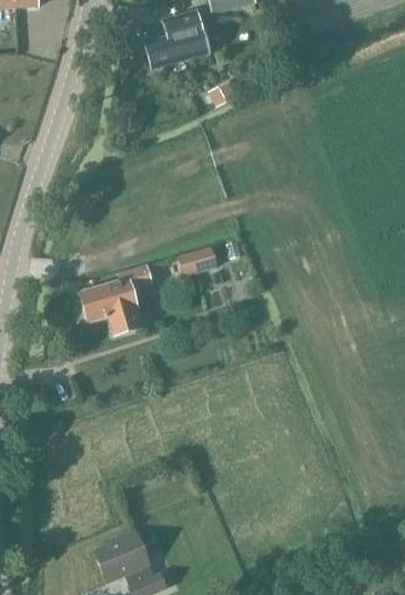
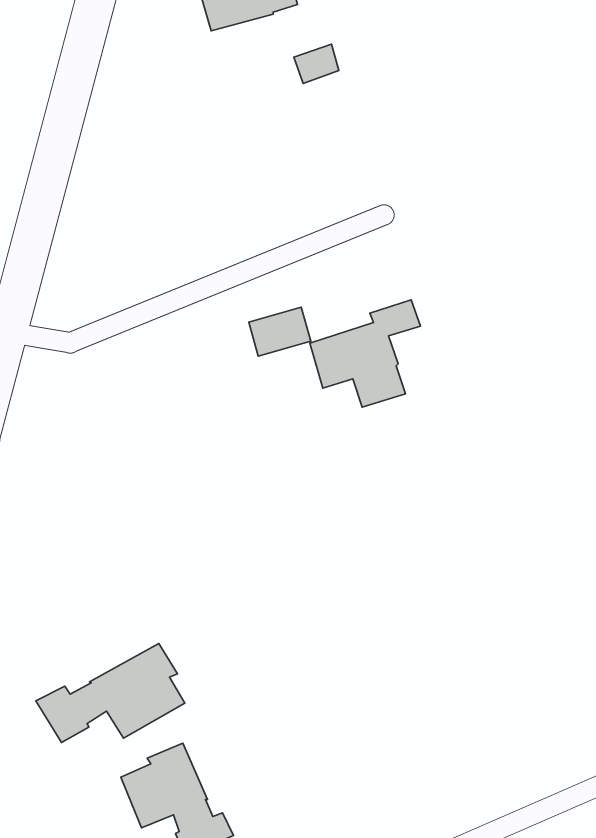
building: [79,264,150,333] -> [310,300,421,407]
building: none -> [36,644,185,742]

